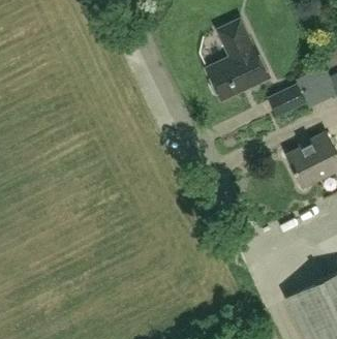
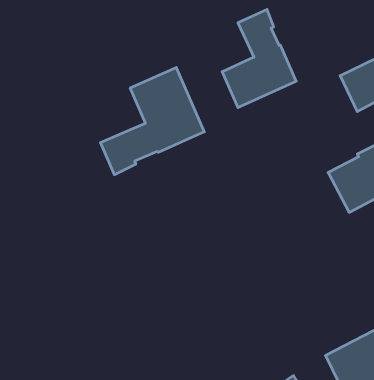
building: none -> [100,67,204,175]
building: [270,84,309,117] -> none

